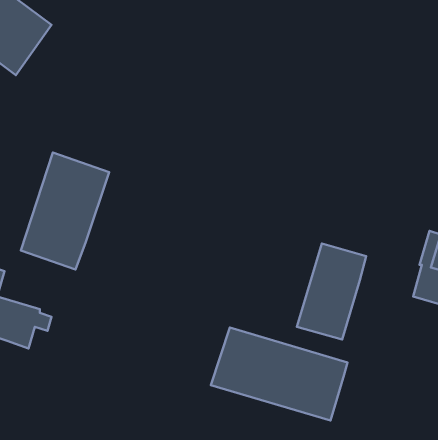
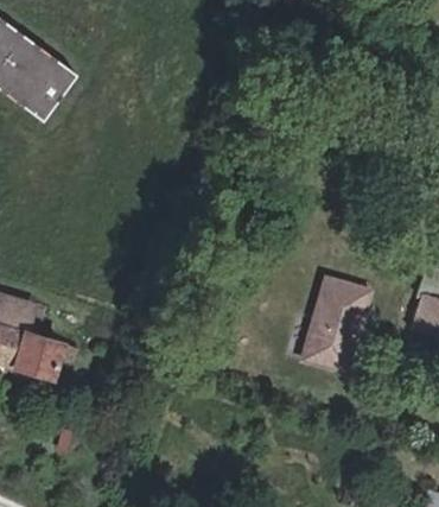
building: [21,152,109,269] -> none
building: [211,327,348,420] -> none

